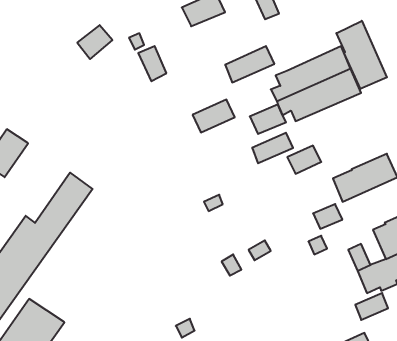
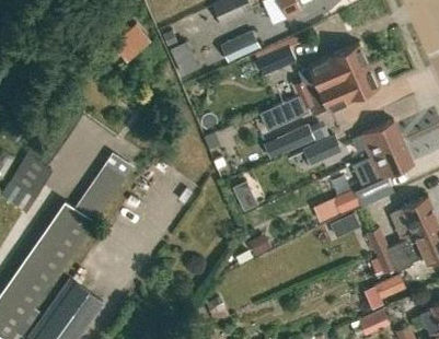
building: [336,21,387,89] -> none
building: [193,100,235,132] -> [220,33,259,63]
building: none -> [360,122,403,159]

